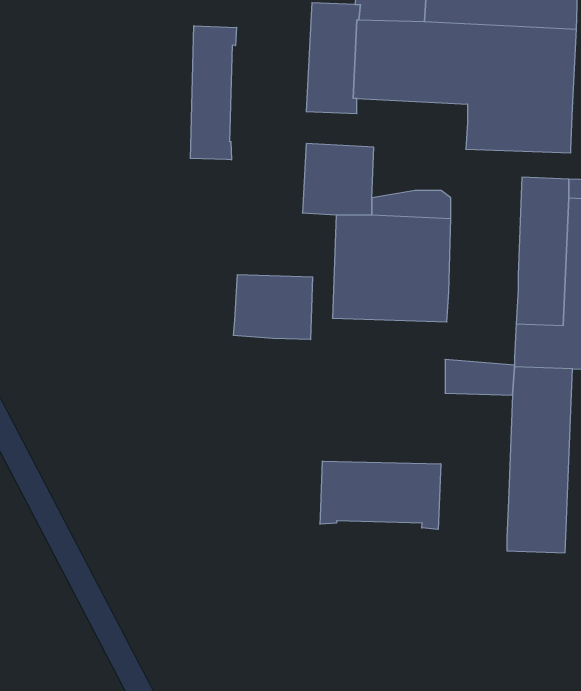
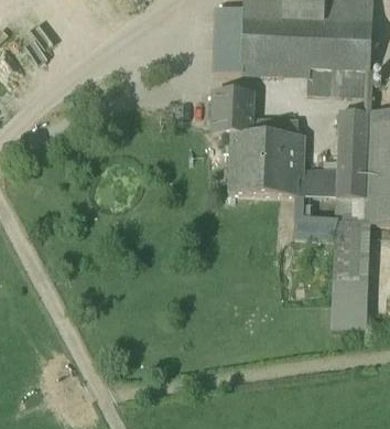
building: [190,26,237,160] -> none
building: [233,275,313,340] -> none
building: none -> [296,175,338,195]
building: [320,461,441,529] -> none

